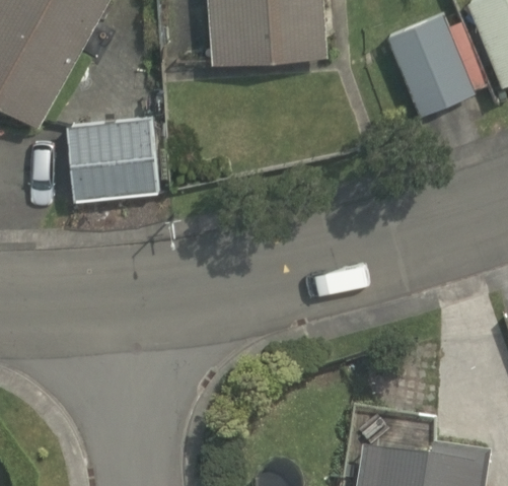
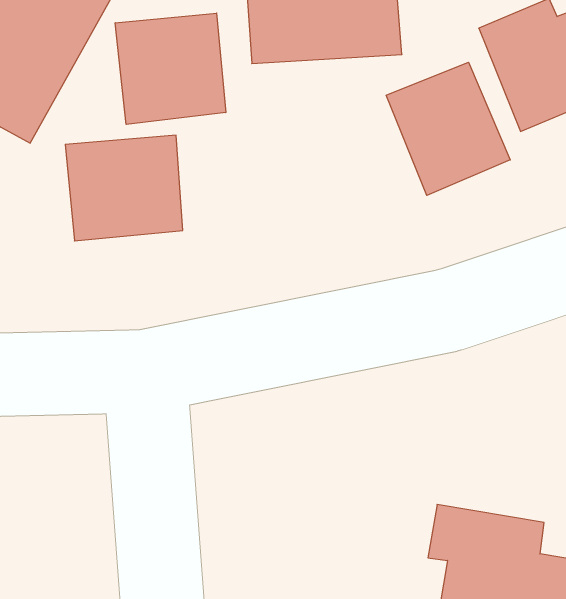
building: none -> [115,13,226,124]
building: none -> [386,62,510,195]

